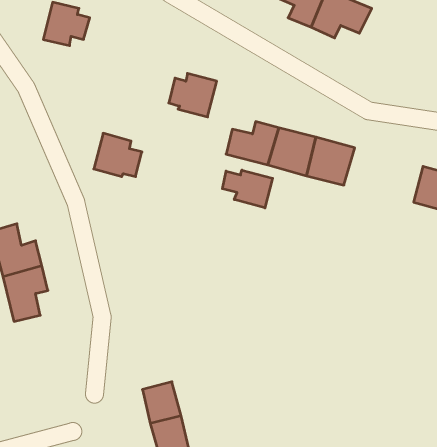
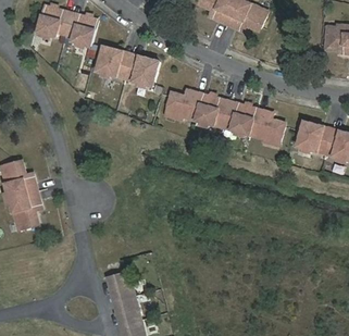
building: none -> [65,14,97,46]
building: [94,133,142,177] -> [96,46,129,76]
building: none -> [248,108,283,141]
building: [222,170,273,208] -> none

